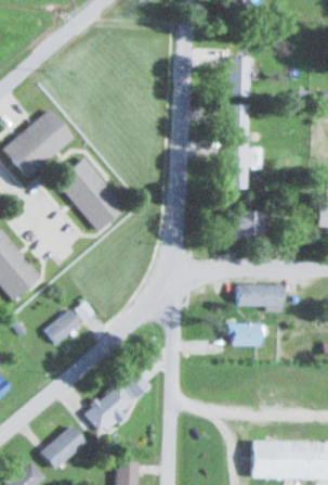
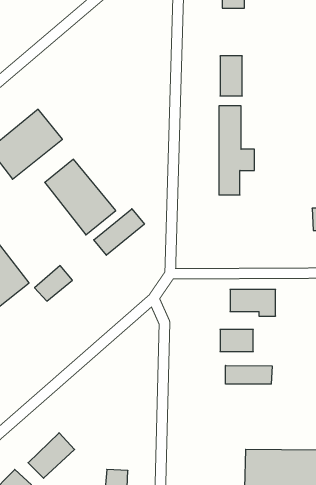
building: none -> [94,209,144,255]
building: [227,210,265,234] -> none
building: [45,309,82,344] -> [35,266,72,301]
building: none -> [226,365,272,384]
building: [84,383,135,433] -> none

